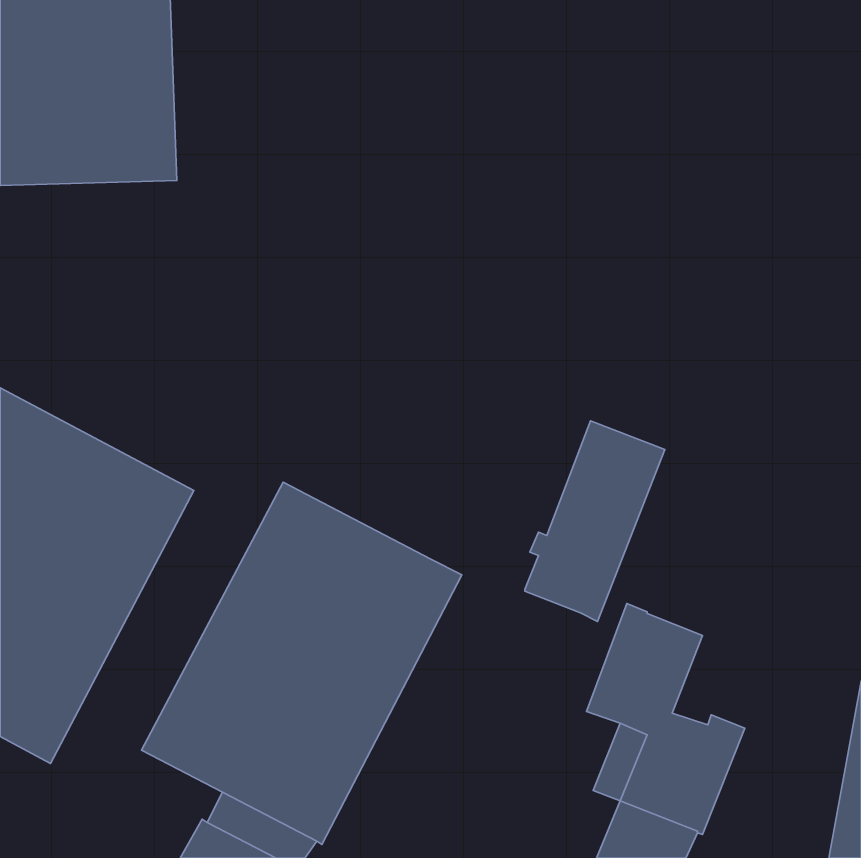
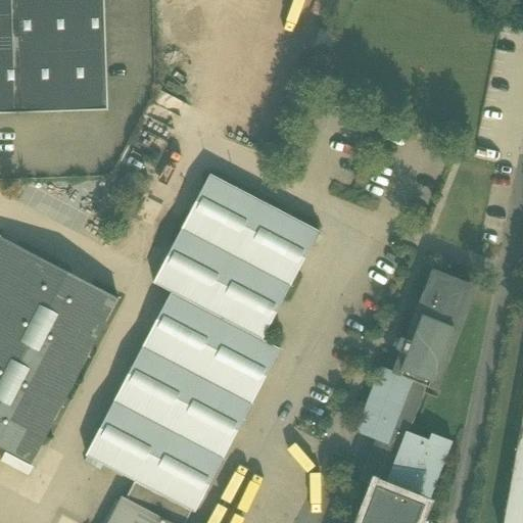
building: none -> [153,174,319,339]
building: [525,421,665,621] -> [392,269,477,390]

